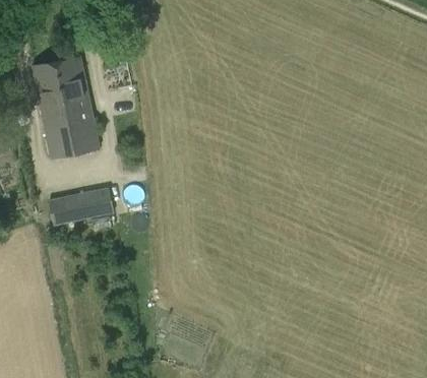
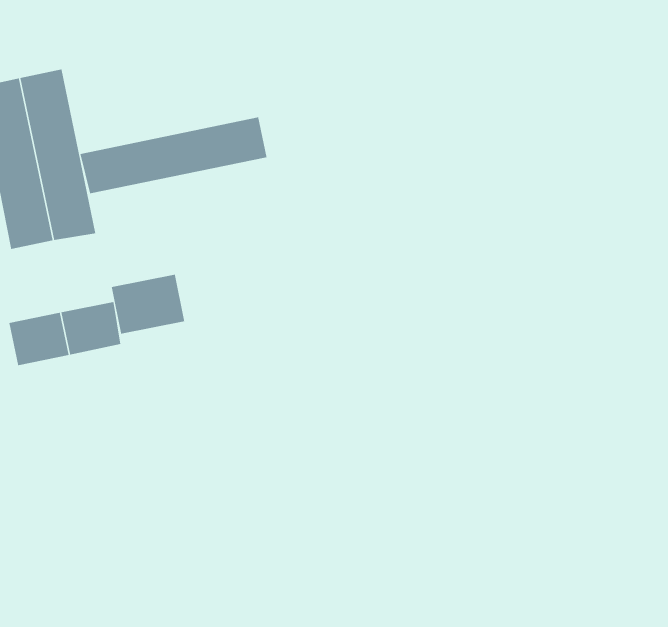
building: none -> [80,116,267,194]
building: none -> [111,274,185,335]

